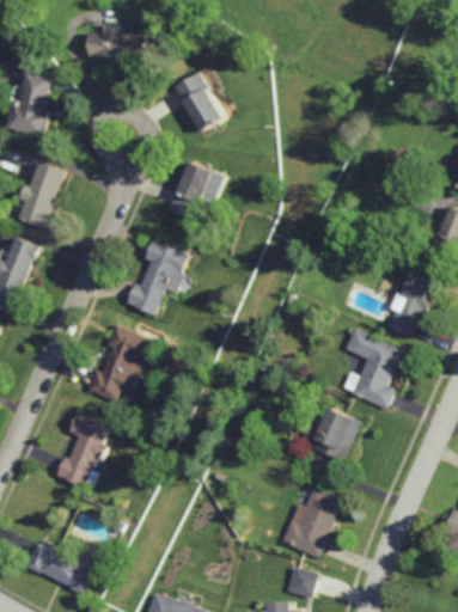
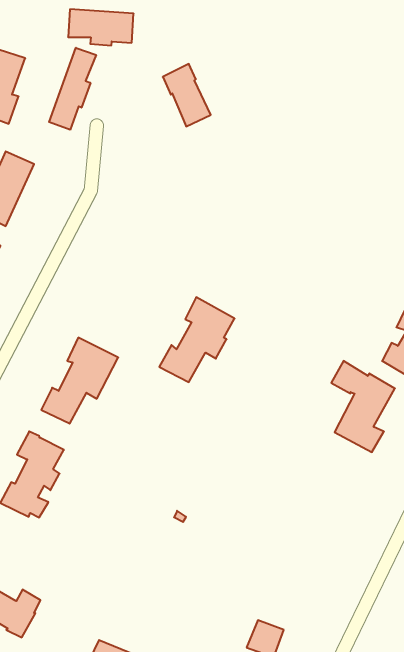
building: none -> [49,48,96,130]
building: [166,161,225,221] -> none
building: [124,239,189,316] -> [159,297,235,382]
building: [299,406,360,461] -> none
building: [279,488,342,558] -> none

